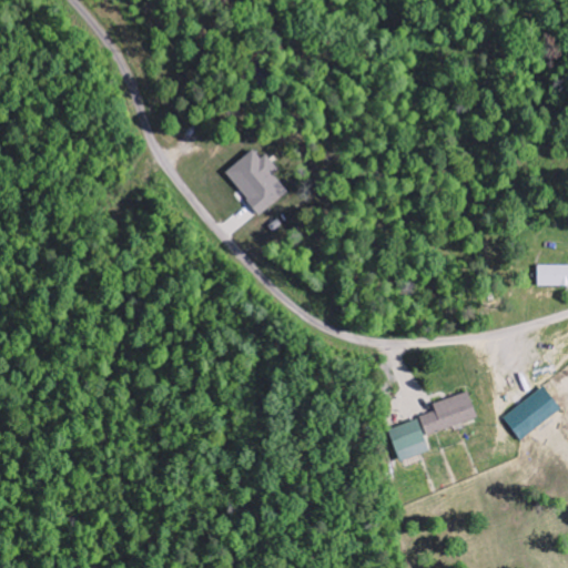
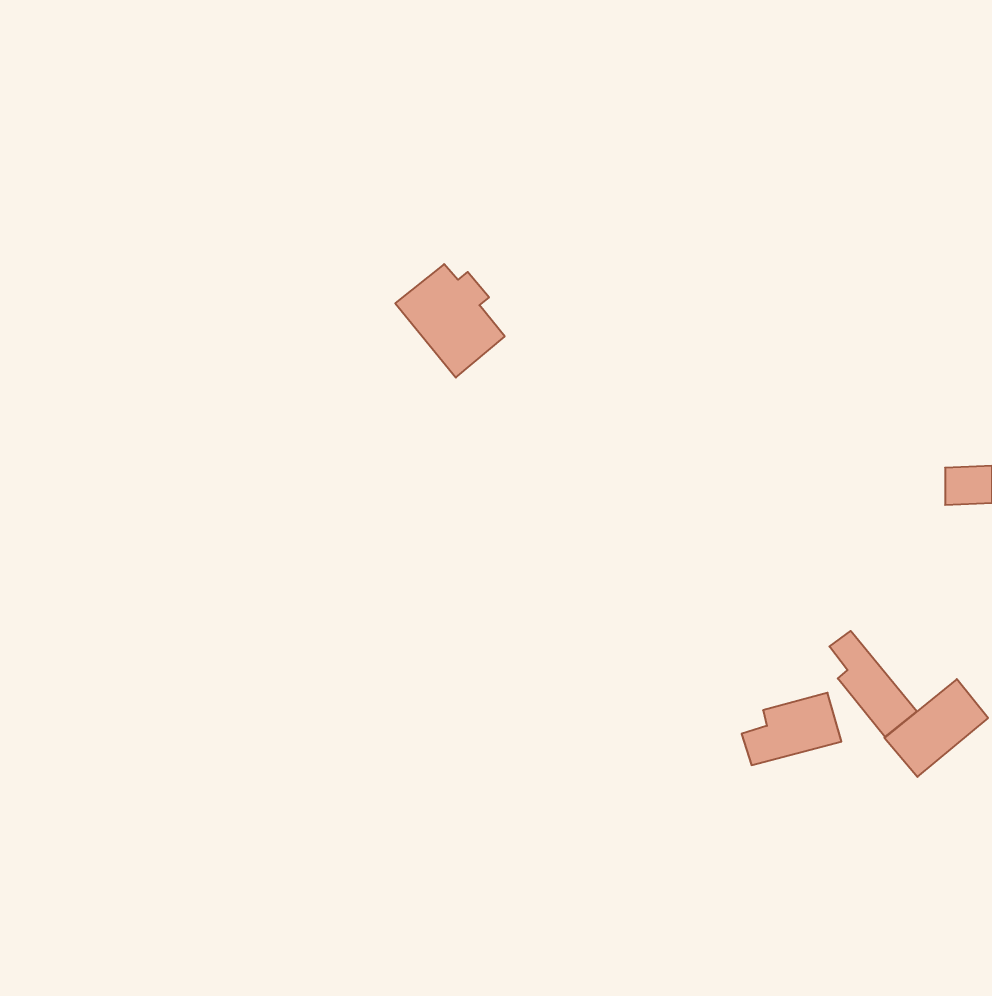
building: none -> [829,631,917,737]
building: [390,420,429,462] -> none

